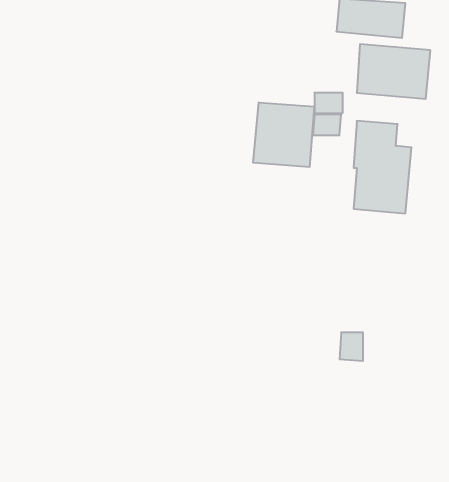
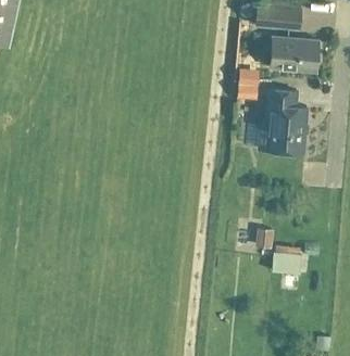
building: [253,102,314,167] -> none
building: none -> [273,245,303,272]

